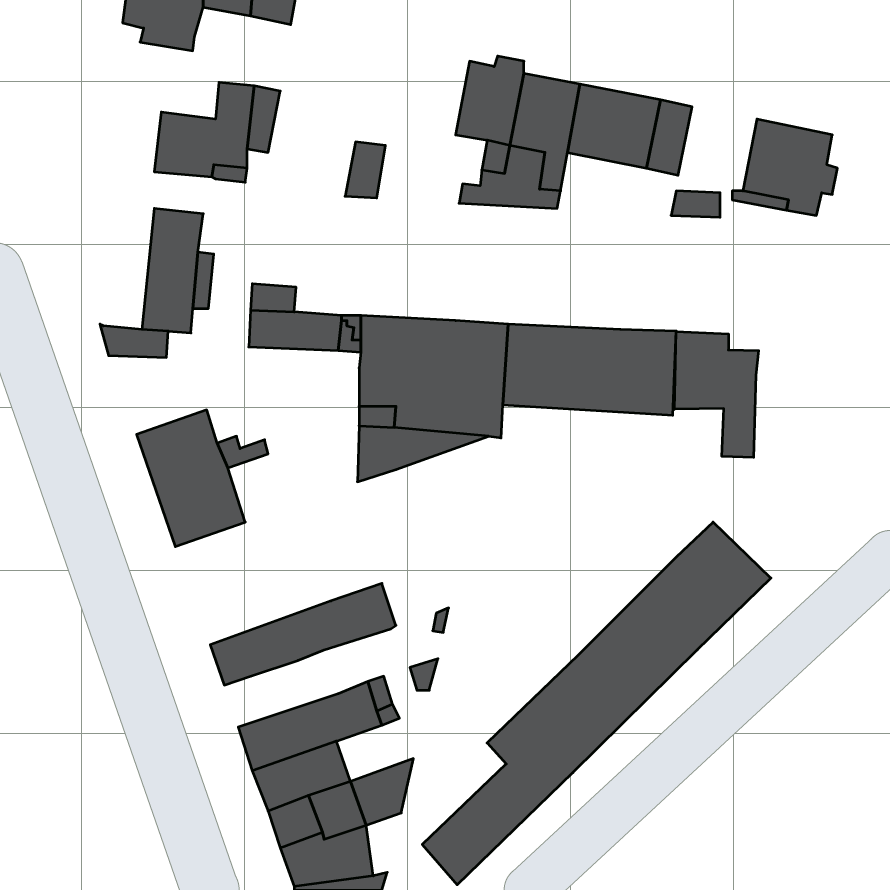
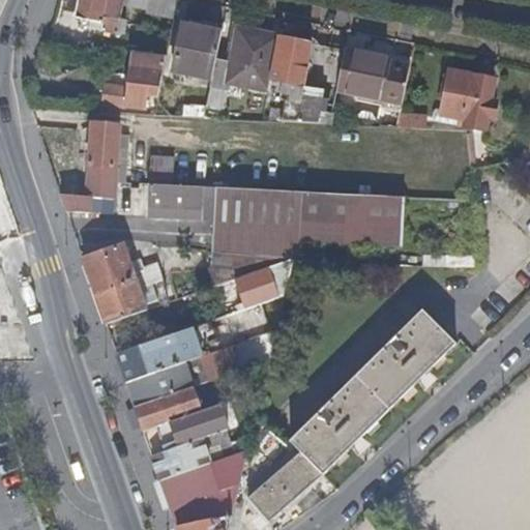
building: none -> [174,19,220,79]
building: none -> [226,28,277,89]
building: [674,332,759,457] -> none
building: none -> [234,258,289,308]
building: none -> [114,328,196,381]
building: none -> [132,384,200,430]

